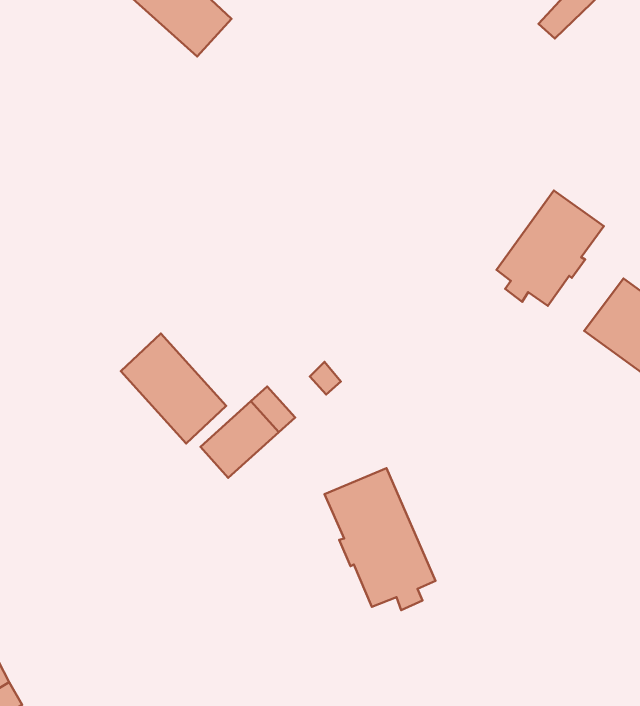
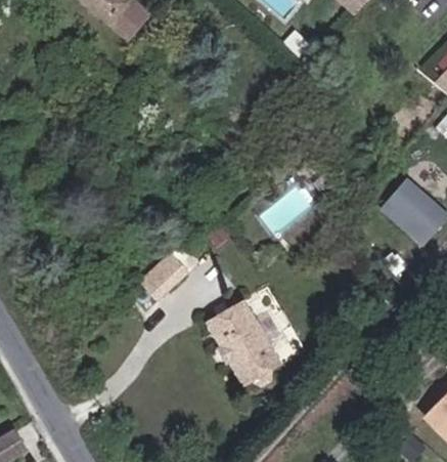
building: [496,191,604,306] -> none
building: [121,334,226,444] -> none

